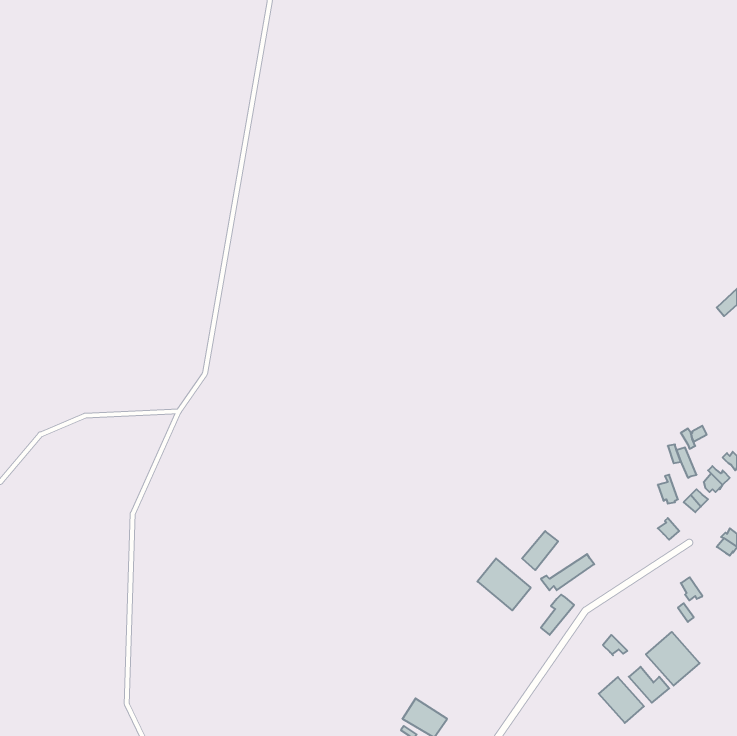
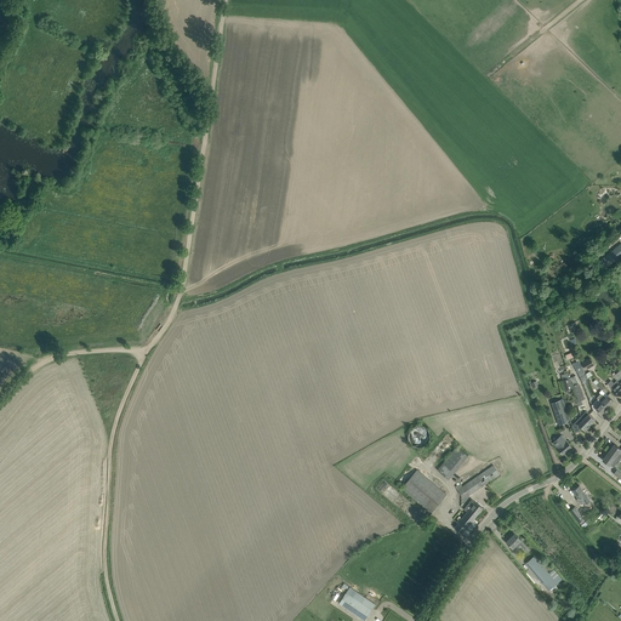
building: [646,632,700,686] -> none
building: [599,677,644,723] -> none

